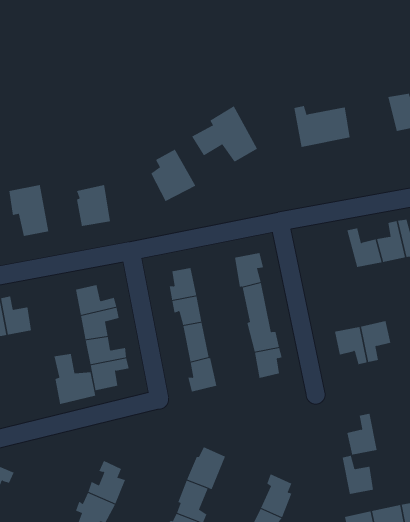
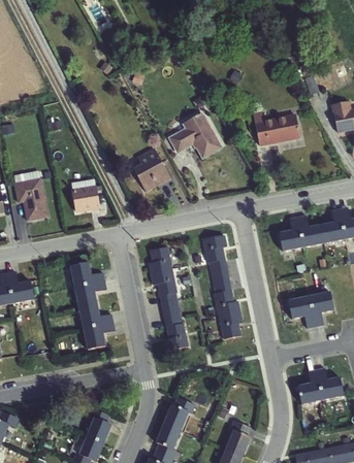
building: none -> [278,216,304,251]
building: [54,353,96,405] -> none
building: [342,455,374,495] -> [316,366,343,399]

